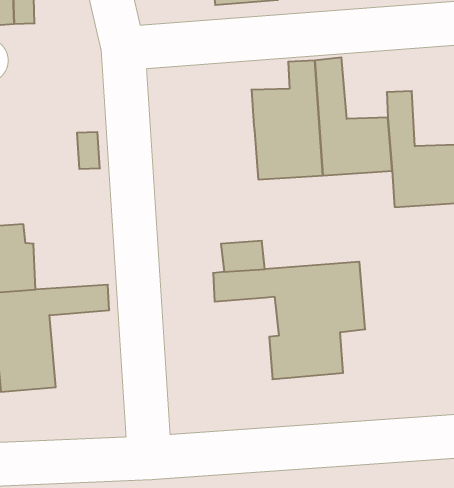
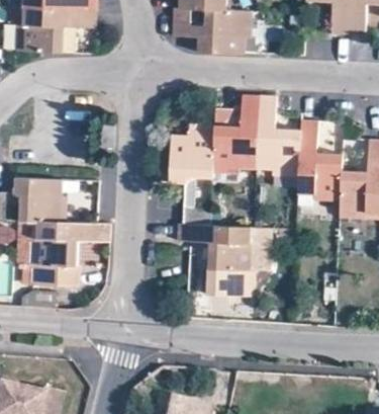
building: none -> [169,134,215,183]

